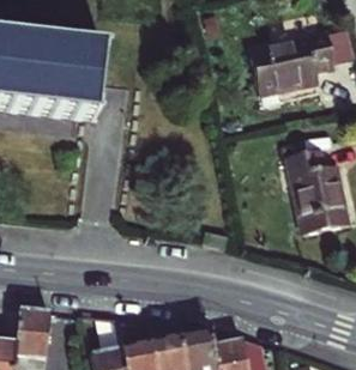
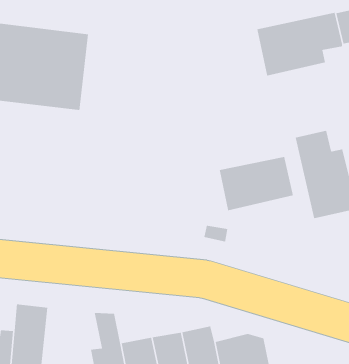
building: none -> [219,156,294,211]

